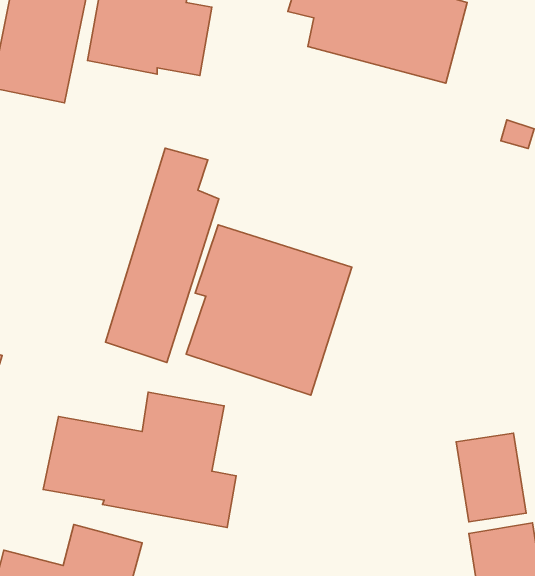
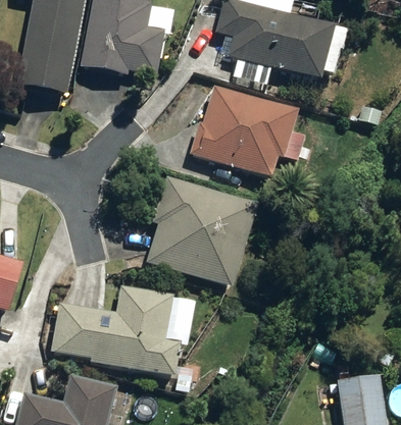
building: none -> [190,85,298,177]
building: [106,148,219,363] -> none
building: [456,433,526,522] -> none

